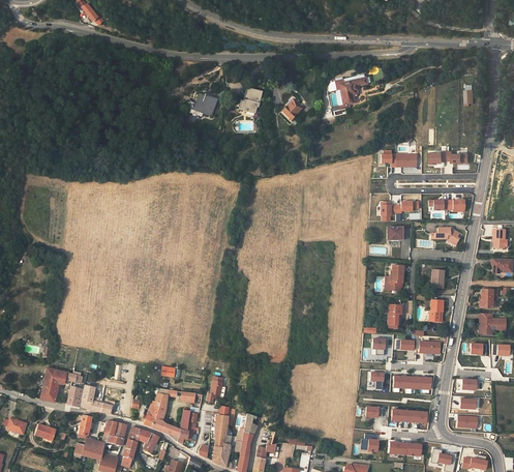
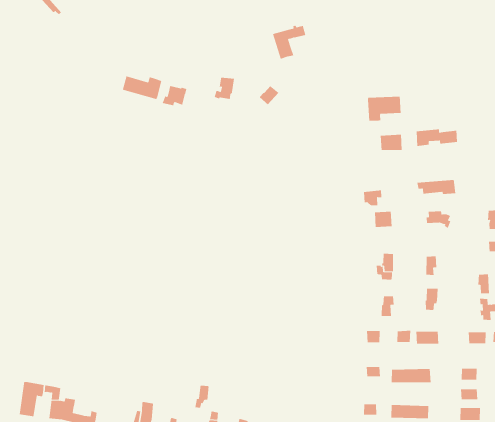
building: [335,73,367,106] -> [272,25,306,60]
building: none -> [122,76,162,100]
building: none -> [367,96,401,121]

